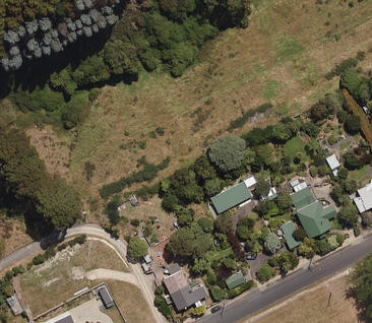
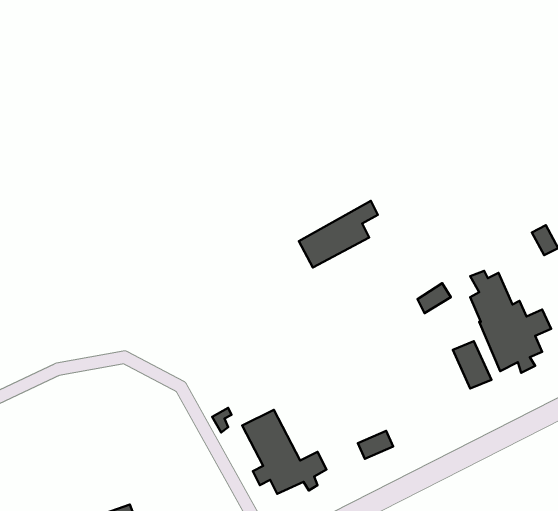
building: [210,174,256,212] -> [299,201,378,267]

